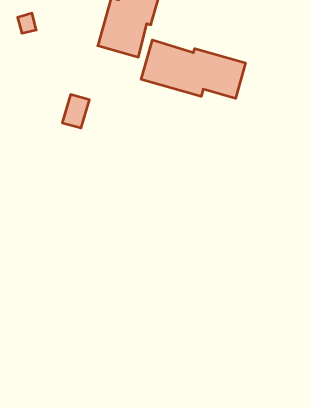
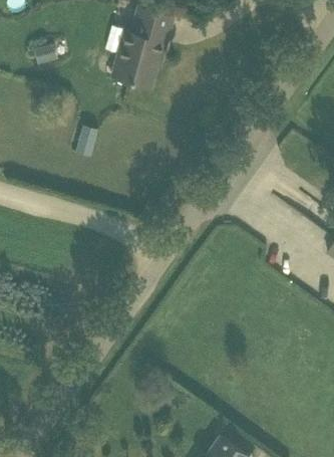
building: [141,40,245,98] -> none

